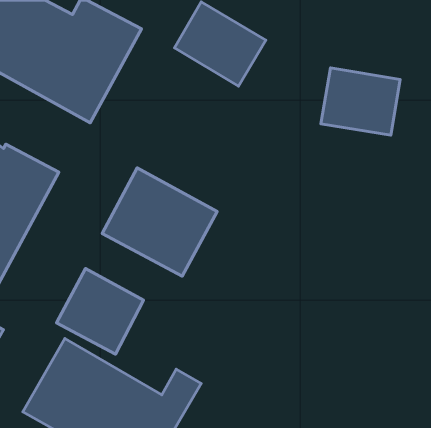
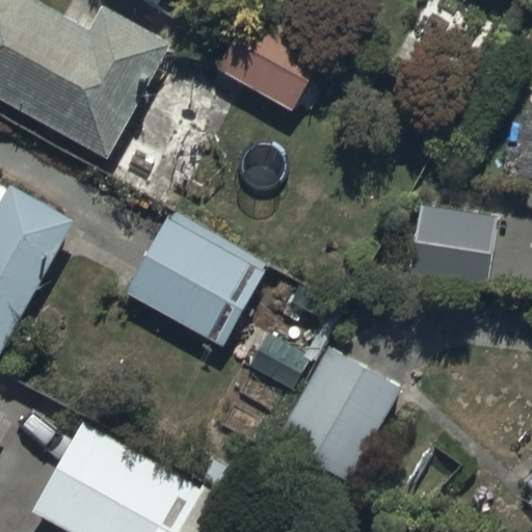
building: [321,68,400,135] -> [402,203,499,285]
building: [56,268,143,354] -> none
building: none -> [270,344,398,482]

